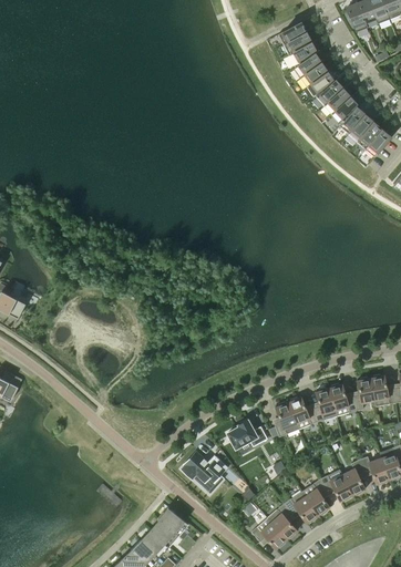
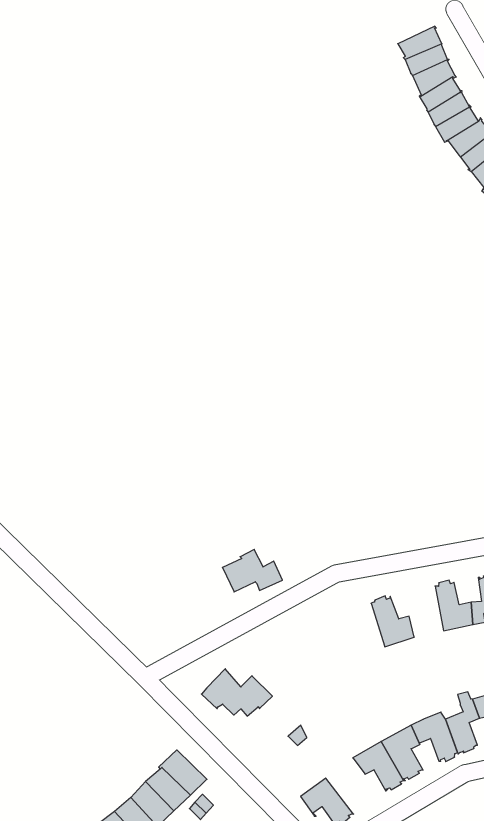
building: [313,388,337,422] -> none
building: [274,402,299,437] -> none
building: [227,420,267,449] -> [222,549,282,592]
building: [267,504,297,540] -> none

